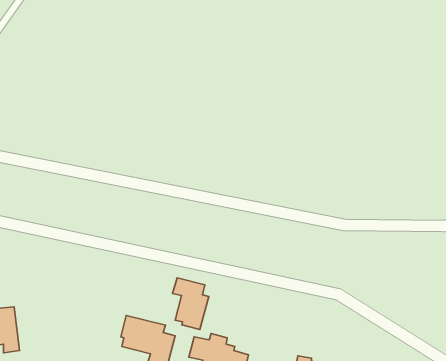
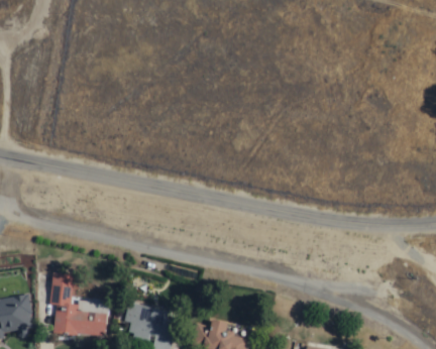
building: [172,278,209,330] -> none
building: none -> [48,273,106,336]

